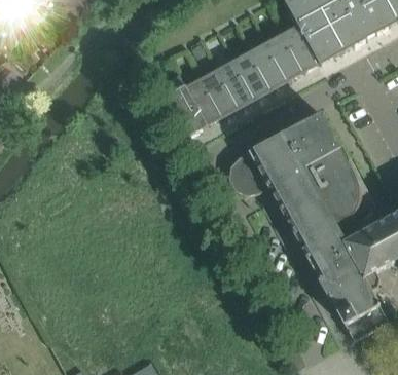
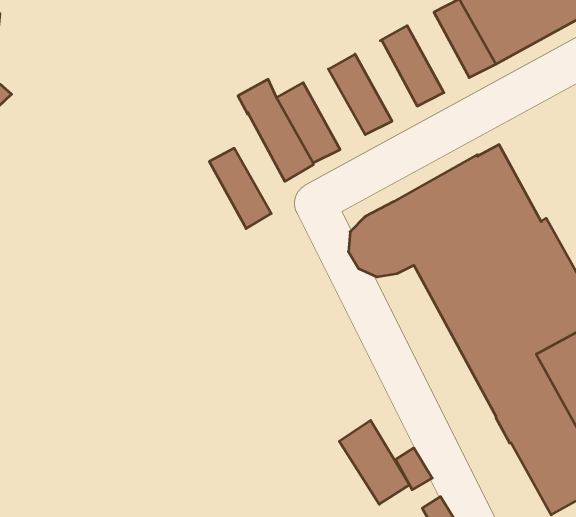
building: [265,32,303,81] -> none
building: [233,49,272,99] -> none
building: [202,67,240,116] -> [209,148,271,229]
building: none -> [339,420,409,504]

